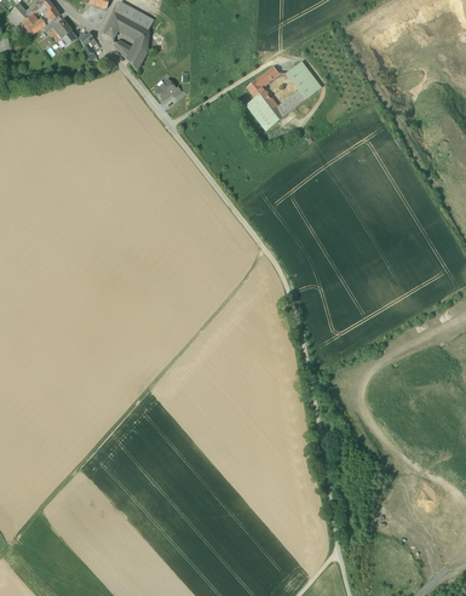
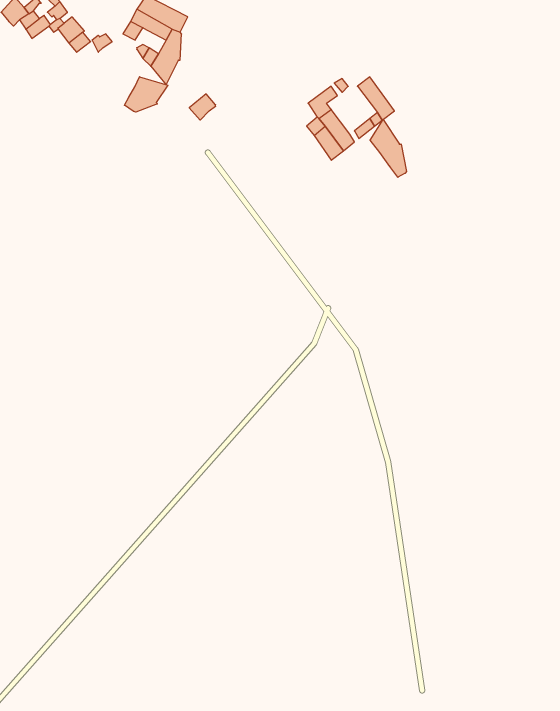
building: none -> [124,77,168,112]
building: none -> [370,119,407,177]

